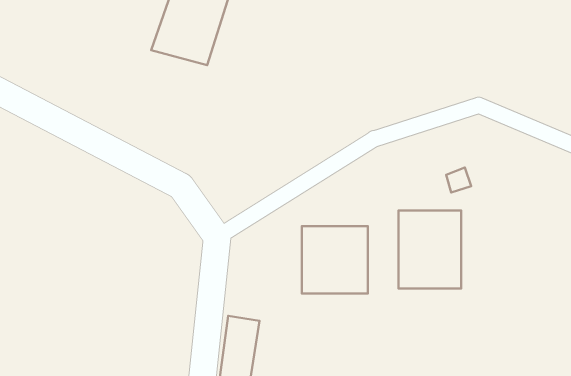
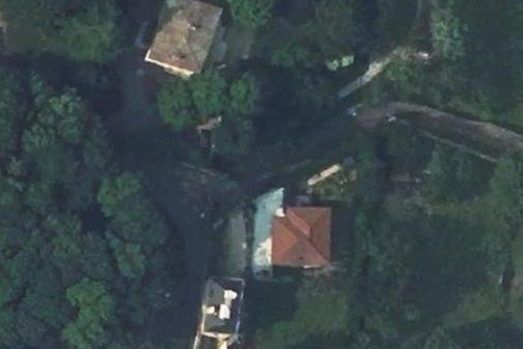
building: [398,210,461,288] -> none

